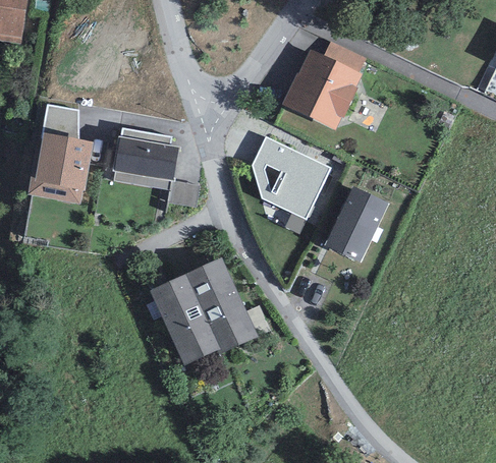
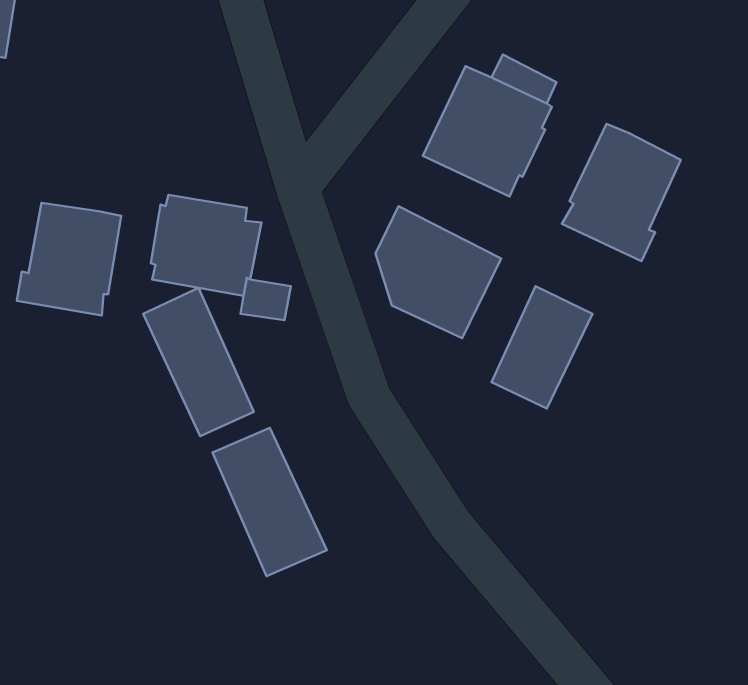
building: none -> [562,124,681,261]
building: [42,104,78,138] -> none
building: [185,257,255,350] -> [143,288,254,436]

